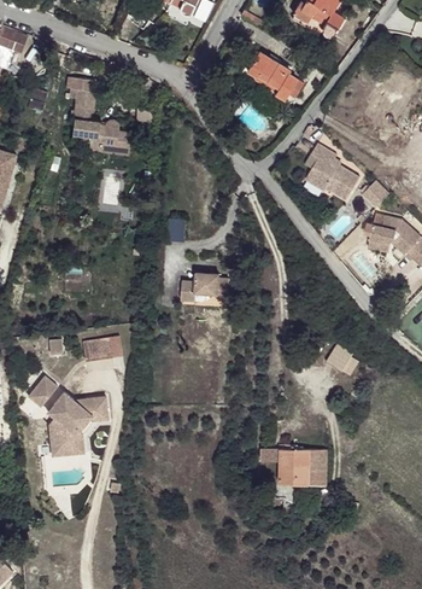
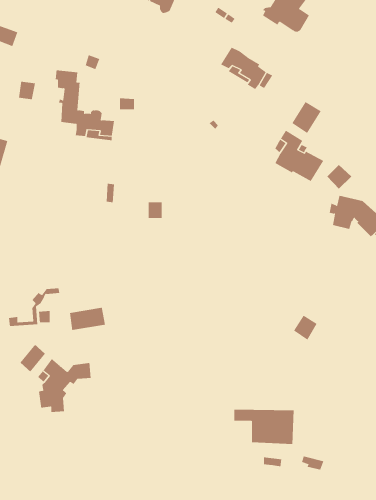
building: none -> [291,101,322,134]
building: [181,273,228,301] -> none
building: [51,413,107,455] -> [8,288,60,327]

